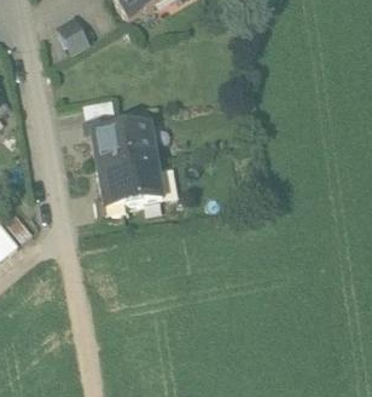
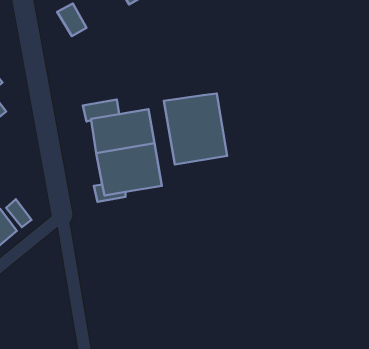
building: none -> [164,93,227,164]

